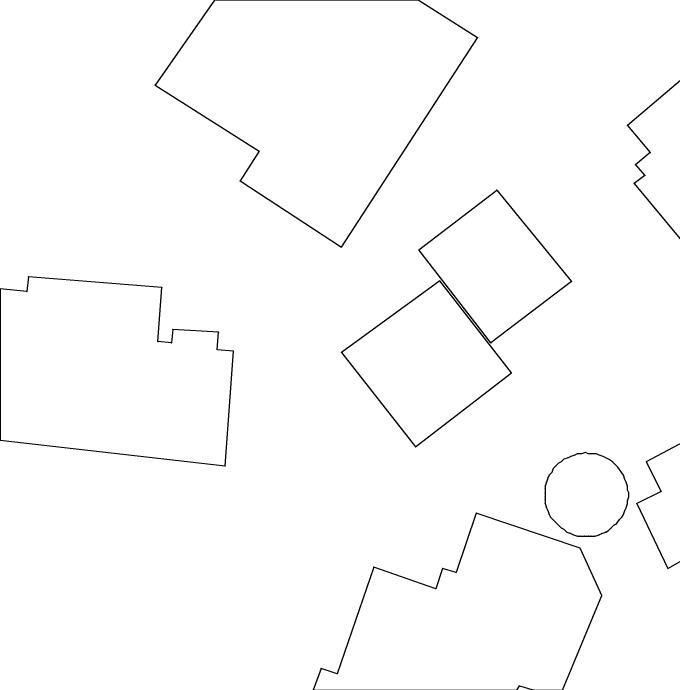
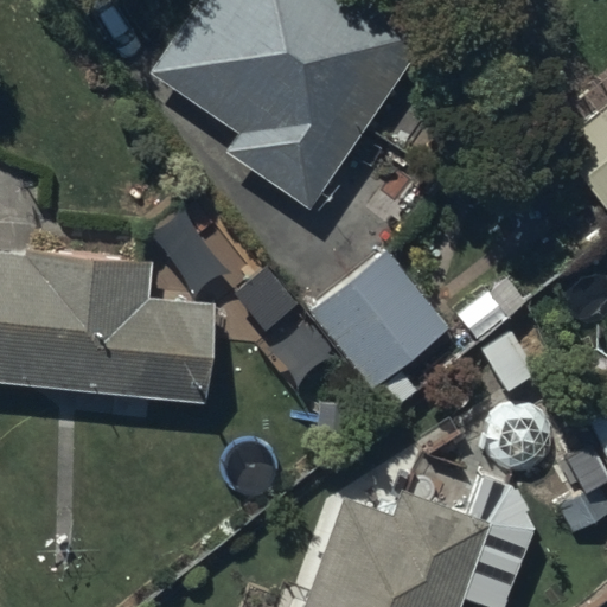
building: [419,190,572,343] -> none

